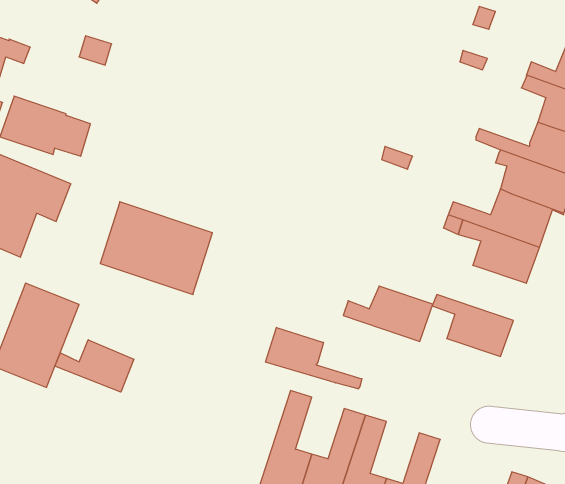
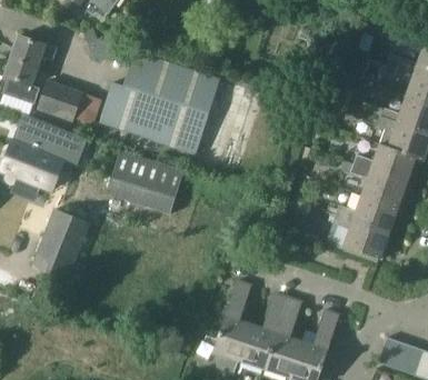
building: none -> [100,50,220,152]
building: [343,286,433,341] -> [336,196,397,233]
building: [266,327,362,389] -> none
building: [55,340,134,392] -> none

